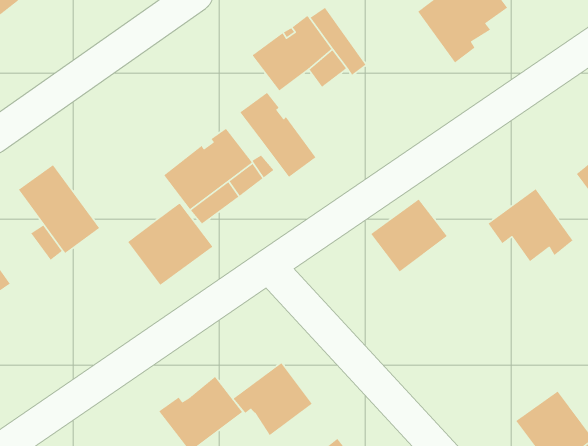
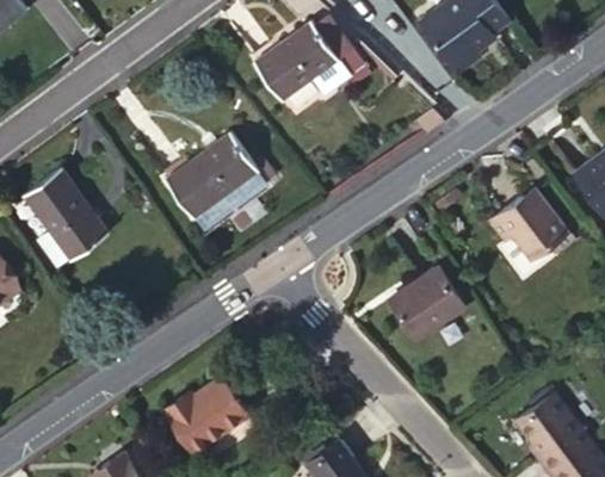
building: [240,92,316,178] -> none
building: [370,199,448,272] -> [390,267,467,340]
building: [127,203,213,286] -> none
building: [232,362,313,436] -> none

